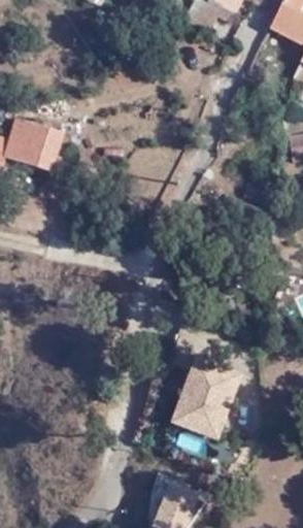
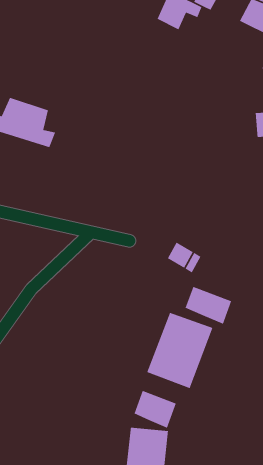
building: none -> [185,286,232,325]
building: none -> [133,390,177,429]

